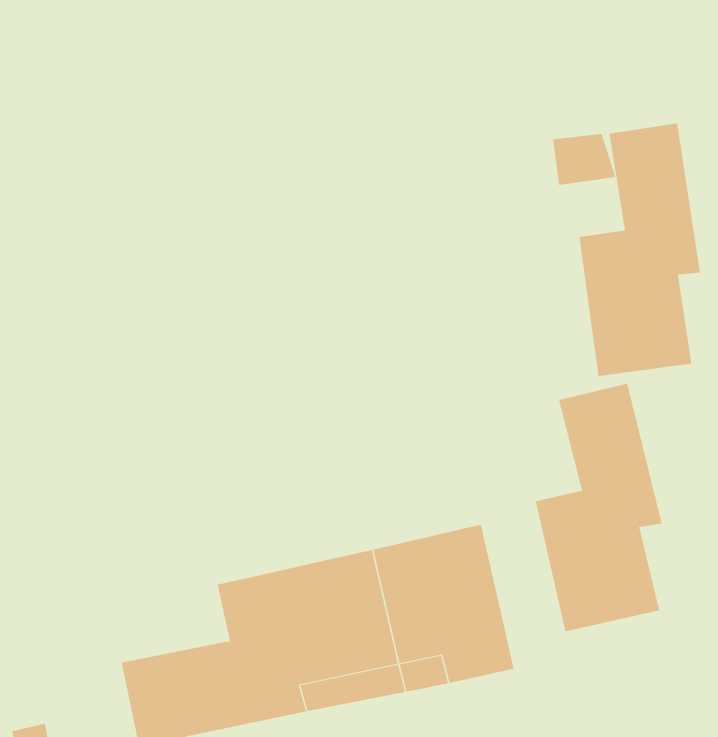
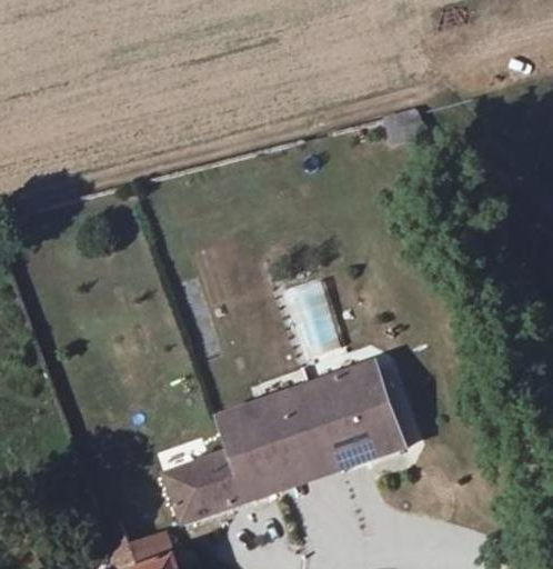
building: [579,122,701,377] -> none
building: [535,383,662,632] -> none

